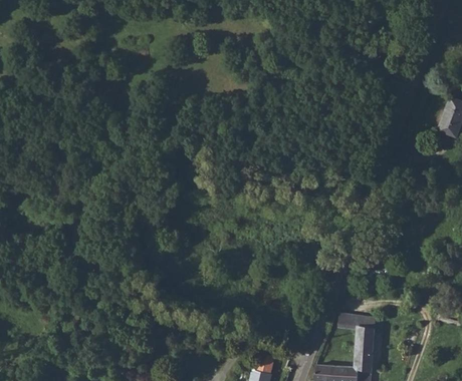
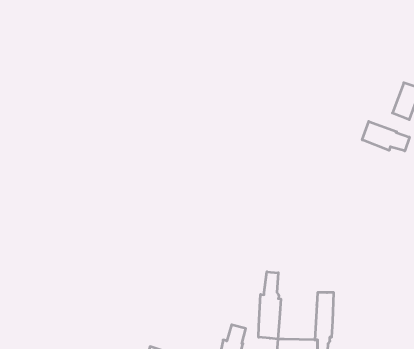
building: none -> [362,121,409,151]
building: none -> [259,272,281,339]

